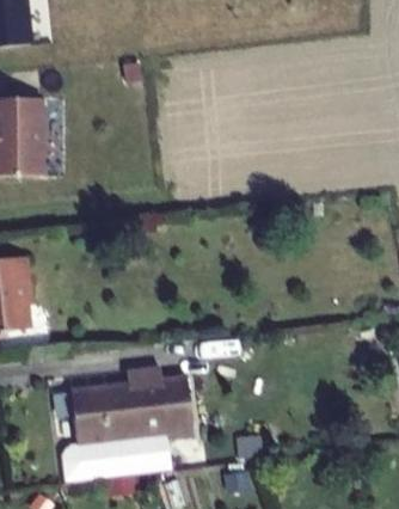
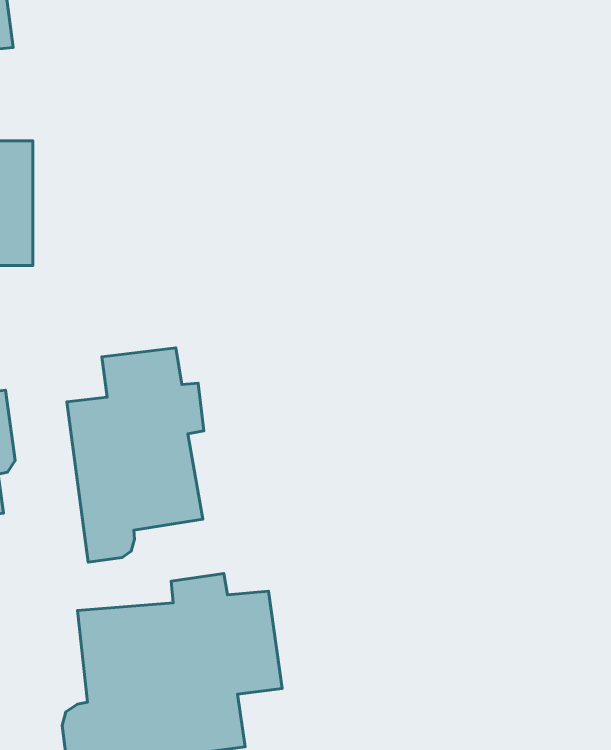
building: none -> [67,348,204,562]

